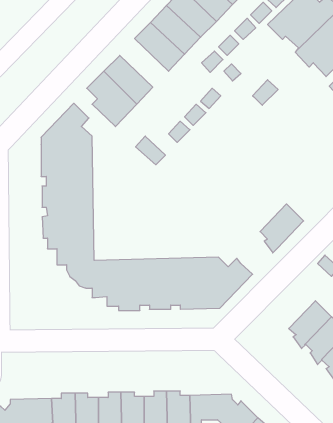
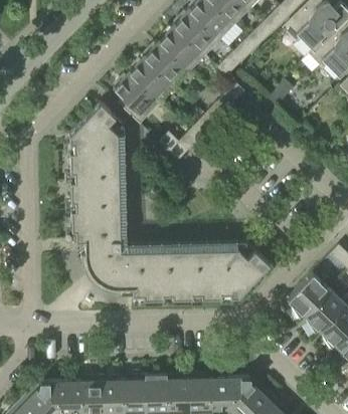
building: none -> [145,41,191,87]
building: [260,204,304,253] -> [289,273,330,320]

